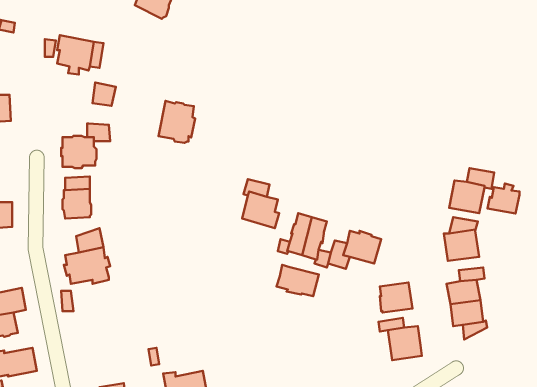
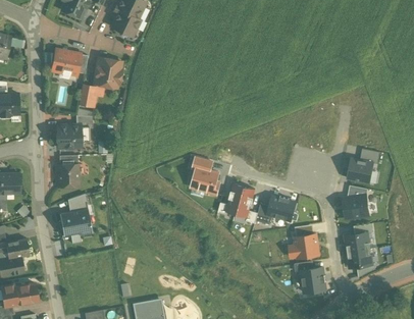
building: [159,101,195,143] -> [94,57,121,89]
building: [488,184,520,214] -> none
building: [277,265,319,296] -> none

